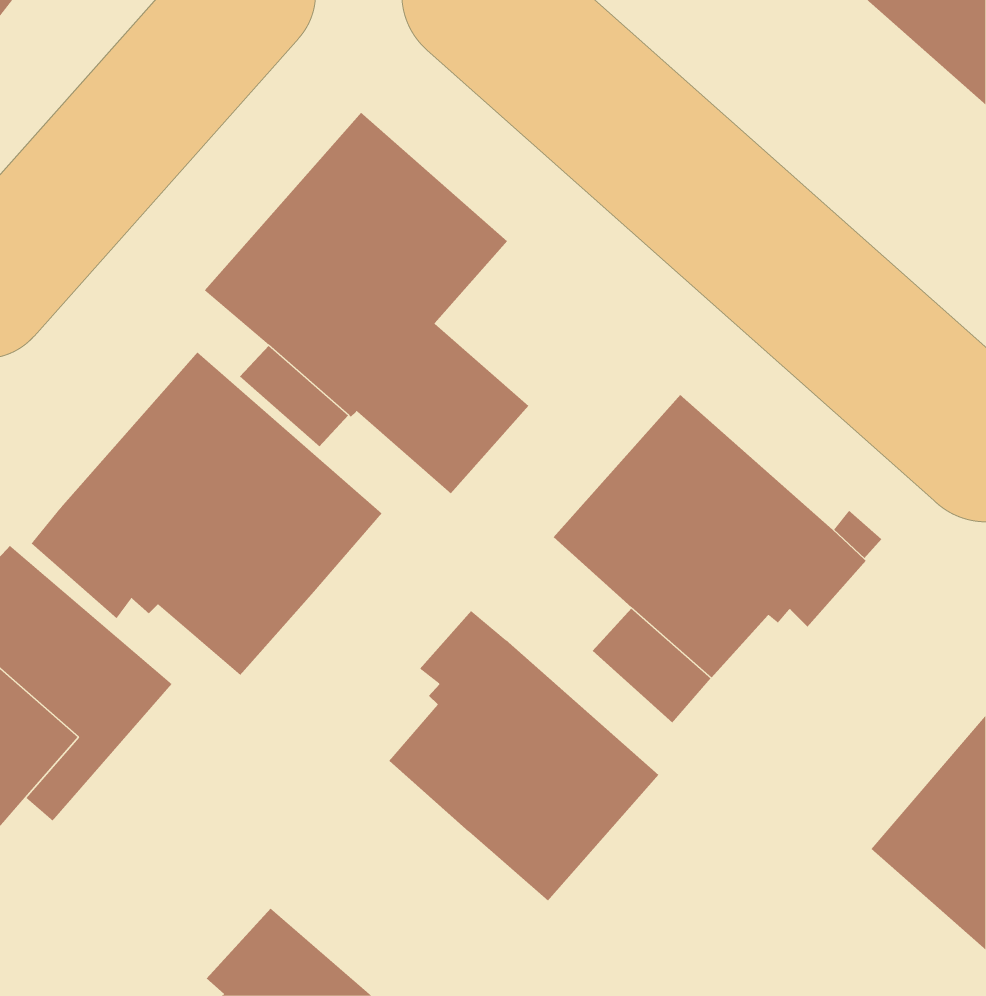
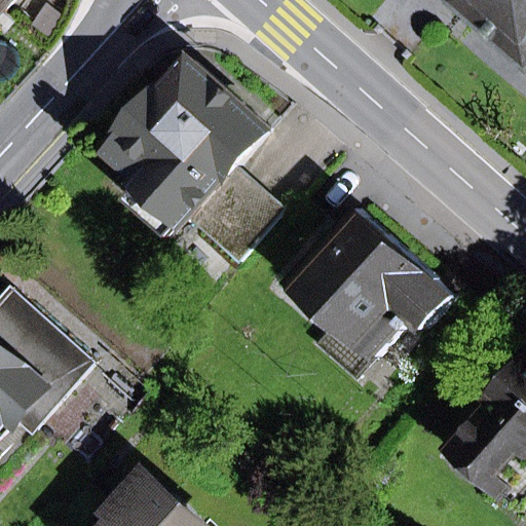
building: [31,351,382,676] -> none
building: [389,610,659,901] -> none

